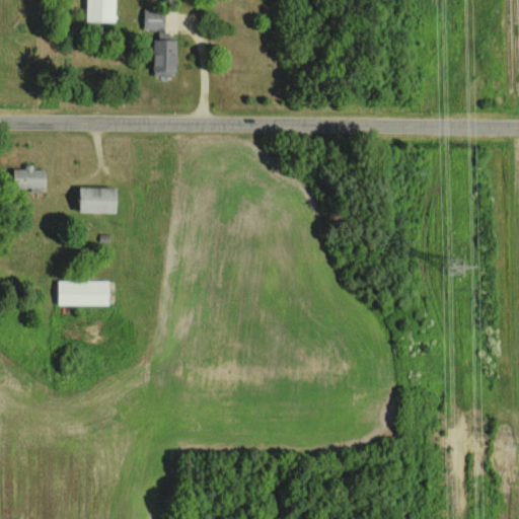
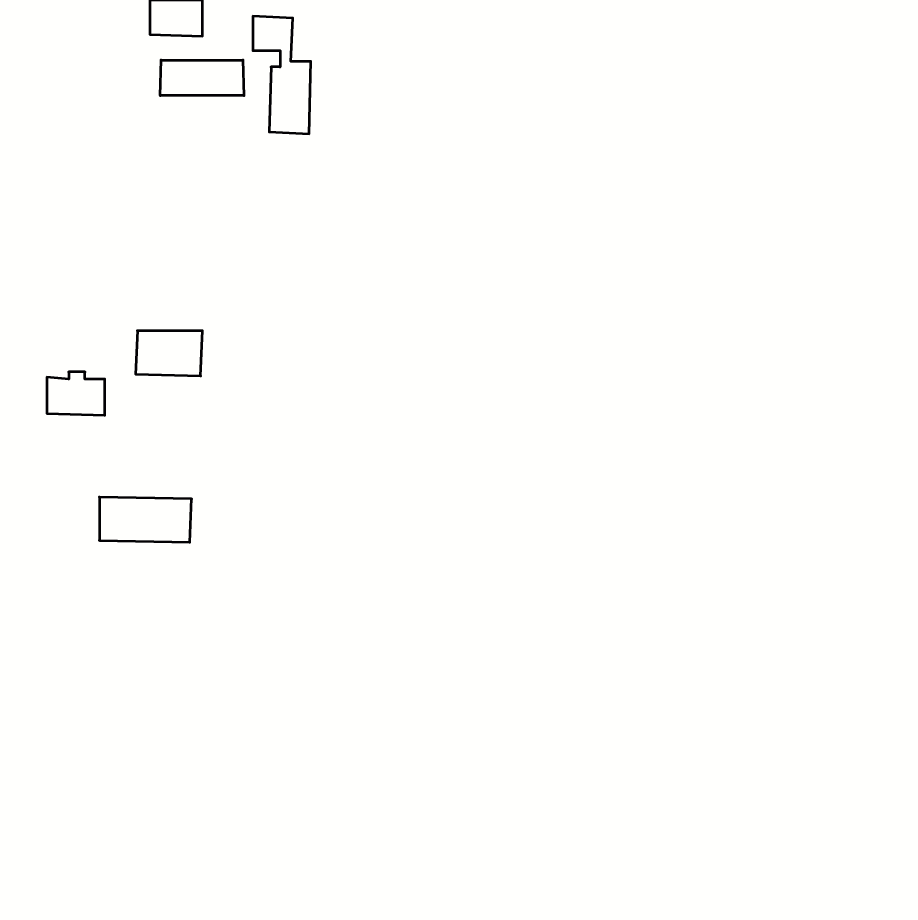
building: none -> [160,60,244,96]
building: [14,166,47,191] -> [47,372,105,415]

